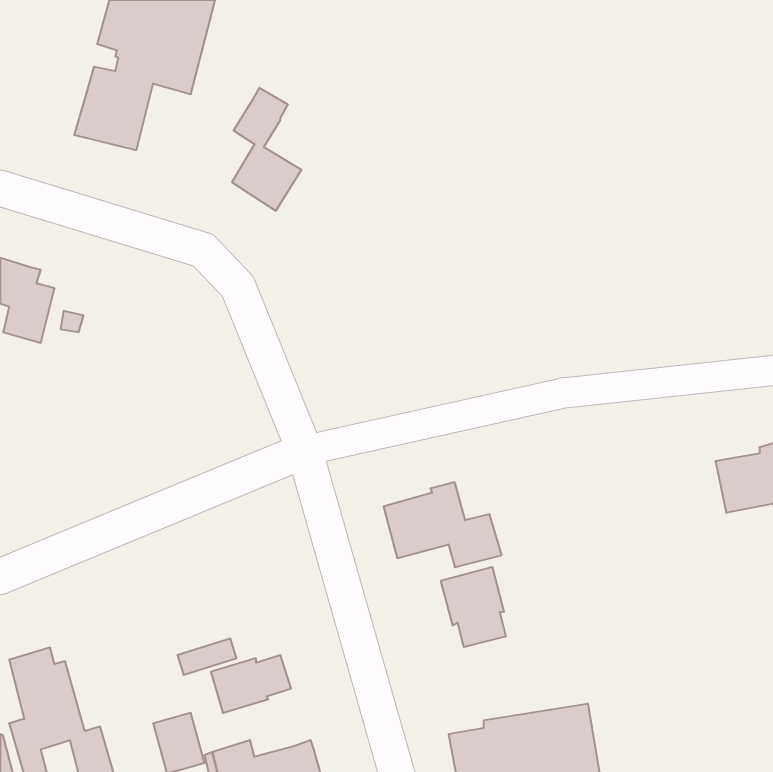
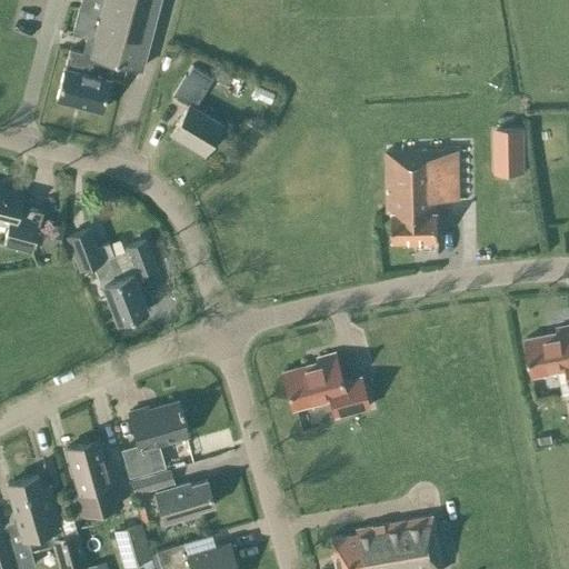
building: none -> [495,129,526,174]
building: none -> [387,152,459,243]
building: none -> [68,230,156,323]
building: none -> [121,402,188,480]
building: [441,567,506,647] -> none
building: none -> [66,441,121,520]

